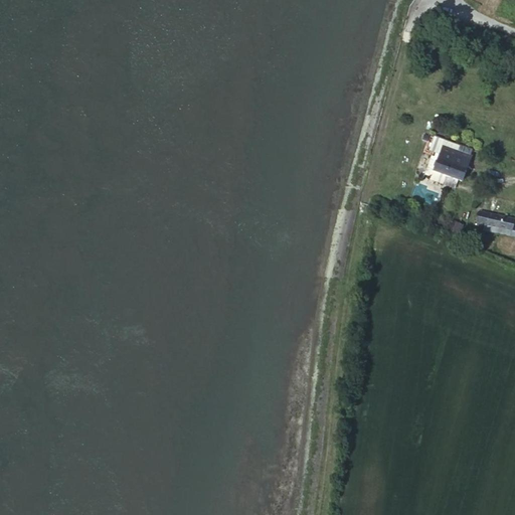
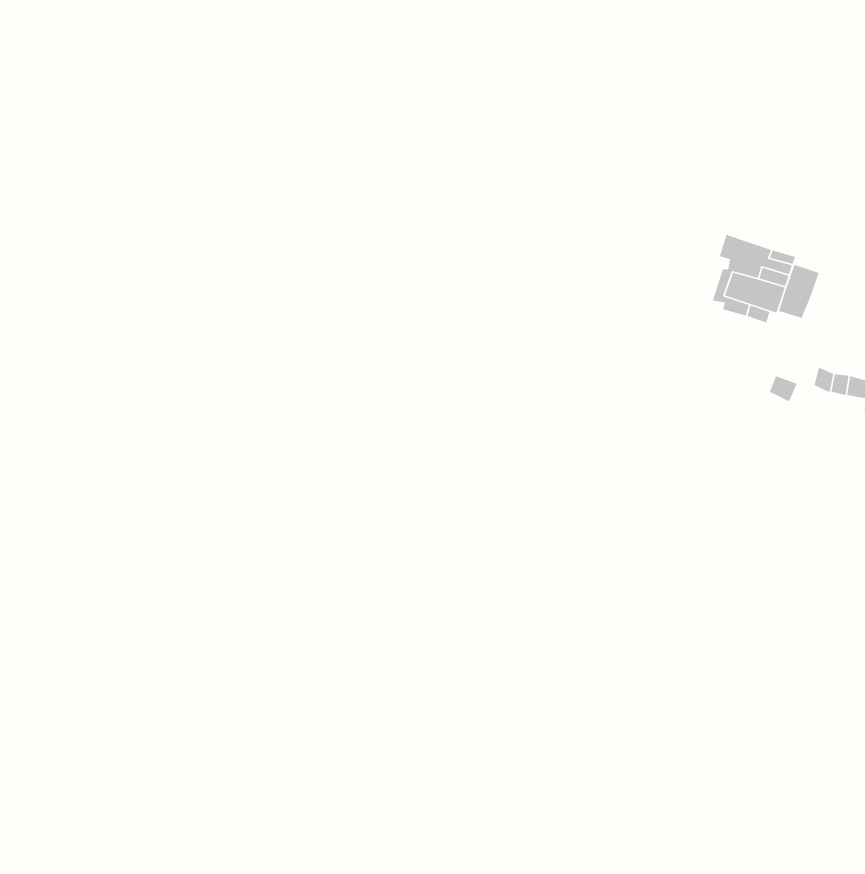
building: none -> [778,264,820,319]

